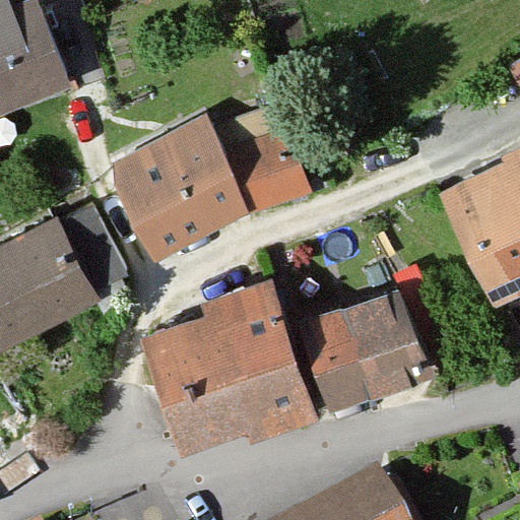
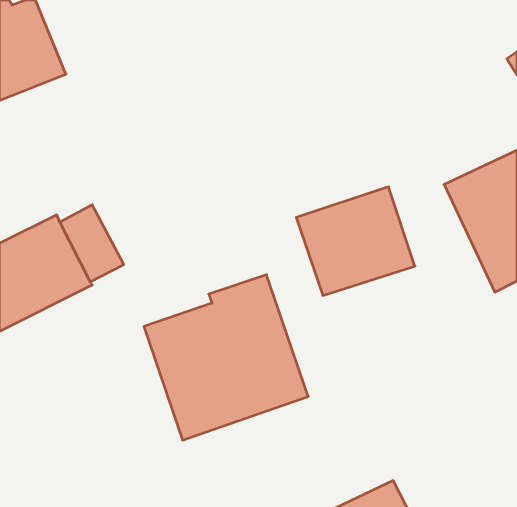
building: [115,111,307,255] -> none
building: [303,296,421,404] -> [296,187,415,295]

